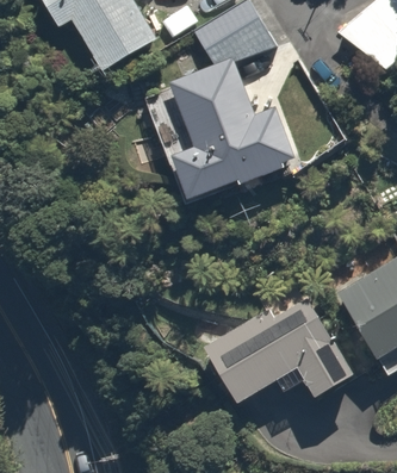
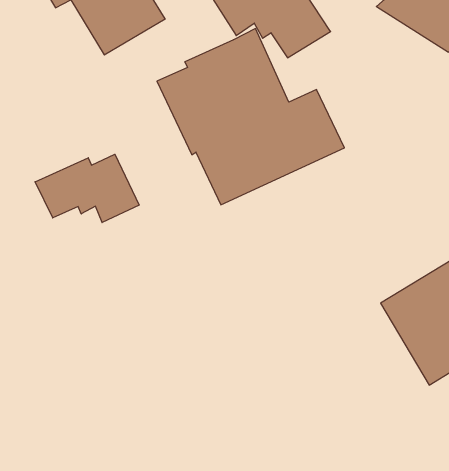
building: none -> [35,154,139,223]
building: [211,294,362,405] -> none

